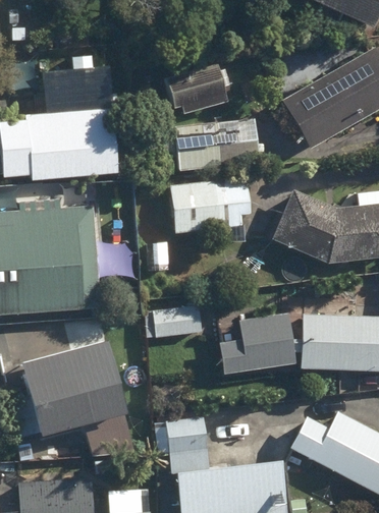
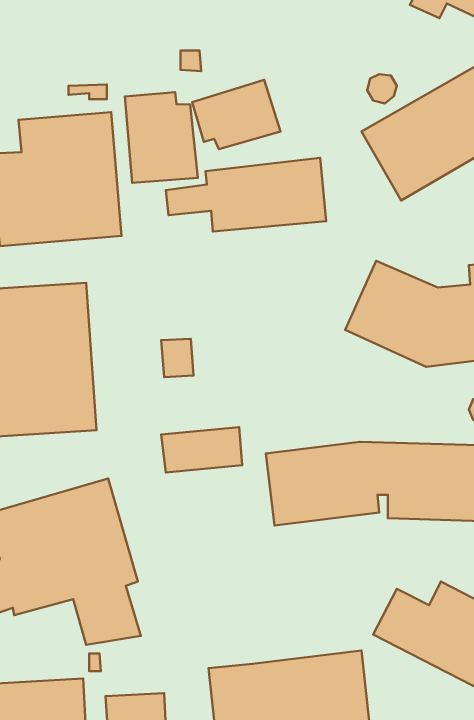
building: none -> [125,92,198,183]
building: [172,180,250,243] -> none
building: [154,417,208,473] -> none

